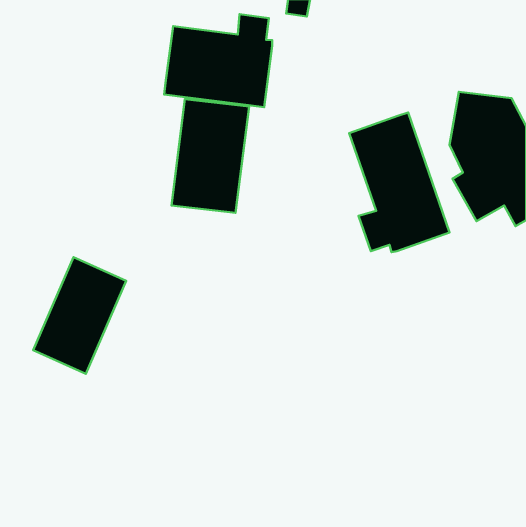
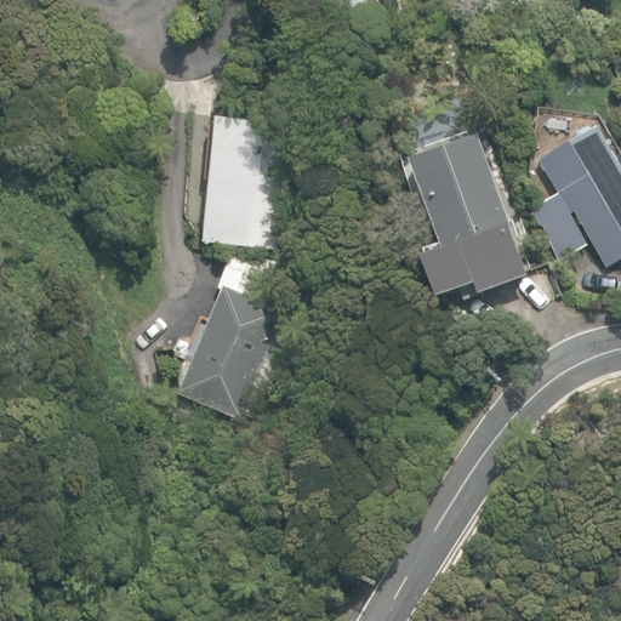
building: [164,14,272,107] -> none
building: [33,257,126,374] -> [173,281,283,418]

